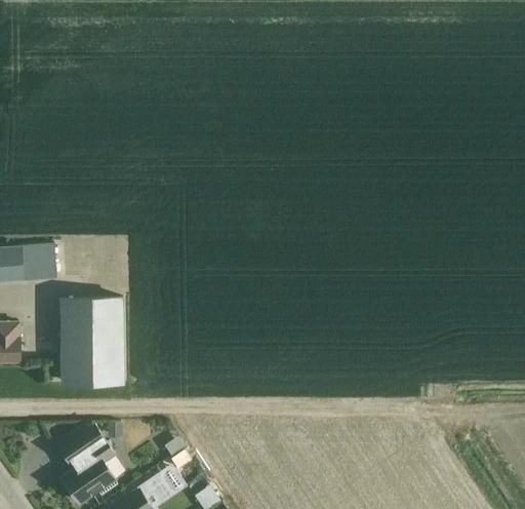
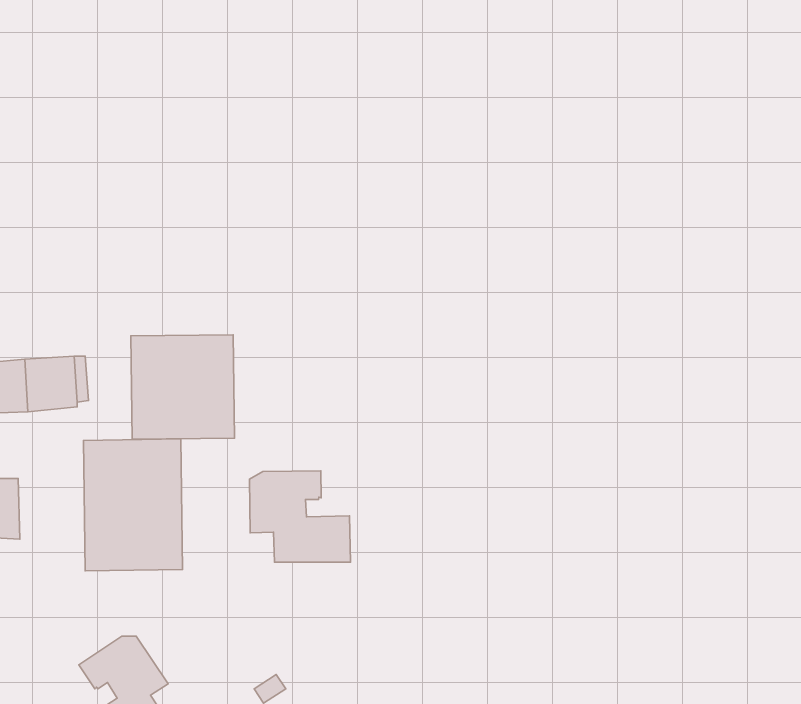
building: none -> [131,335,234,439]
building: none -> [250,471,350,562]

